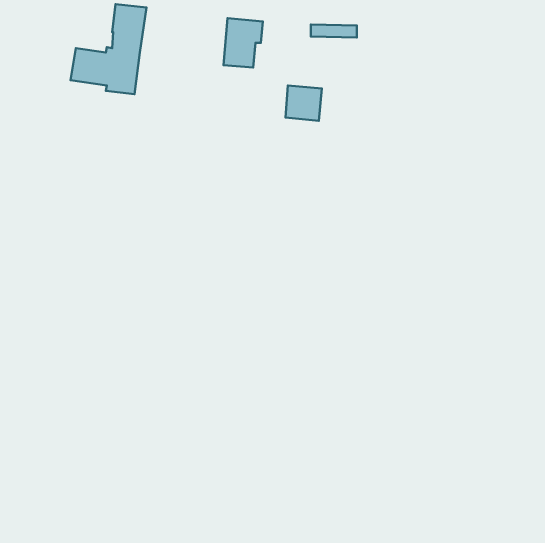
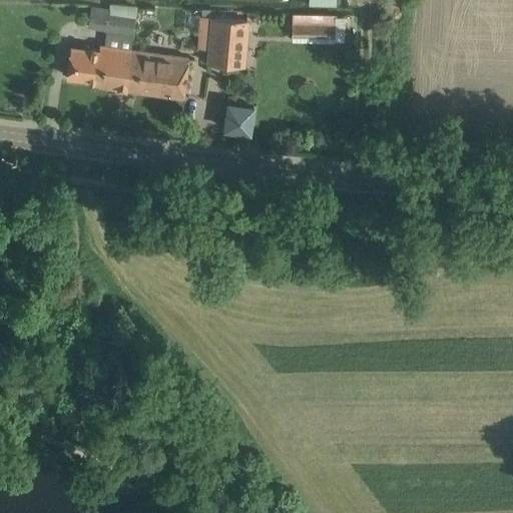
building: none -> [127,52,189,99]
building: [286,85,322,121] -> [219,102,253,135]

